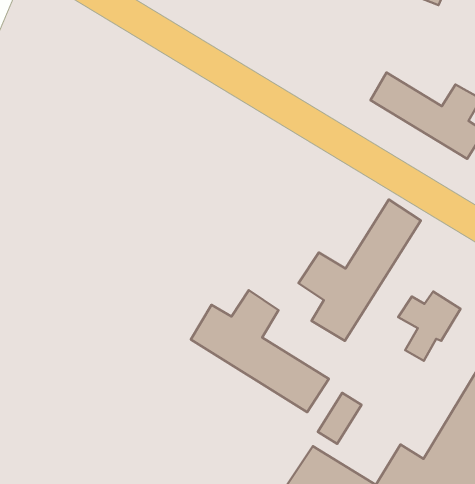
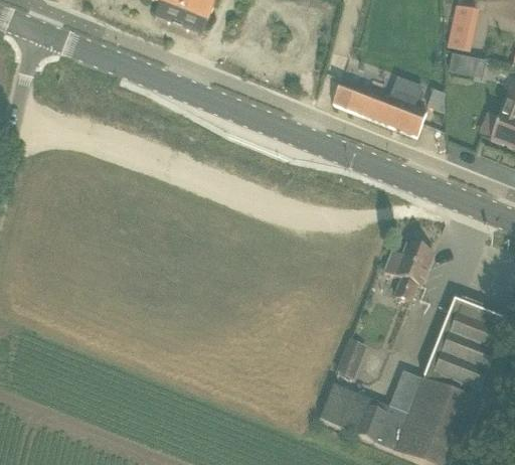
building: [298,199,421,341] -> none
building: [191,290,329,412] -> none

